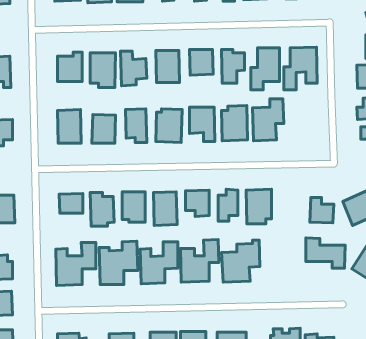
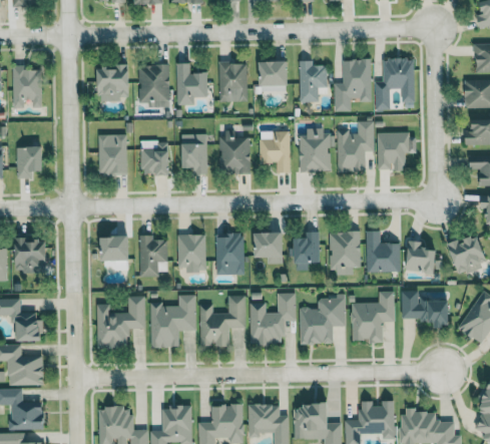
building: none -> [377,132,410,171]
building: none -> [365,232,400,273]
building: none -> [351,292,395,344]

